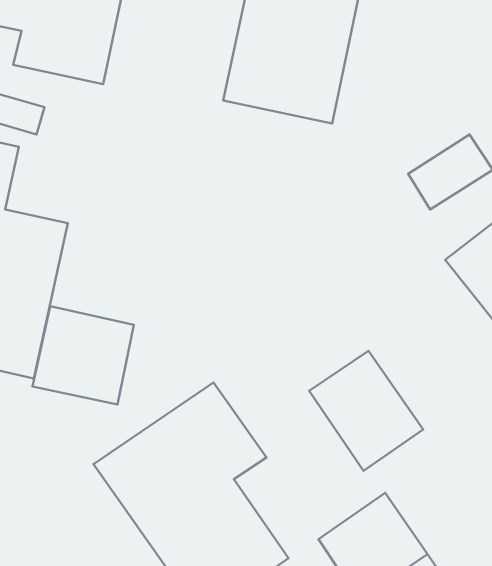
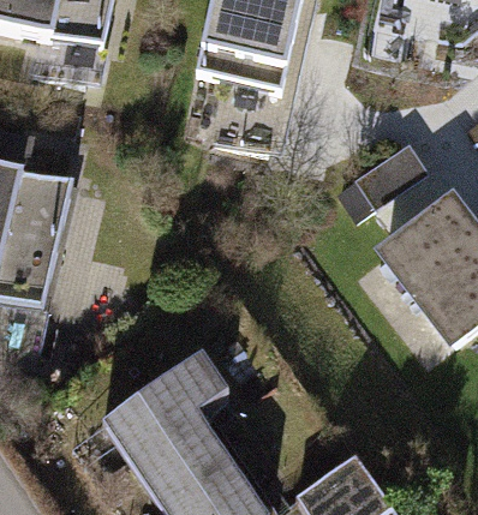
building: [32,306,134,405] -> none
building: [309,351,423,471] -> none

